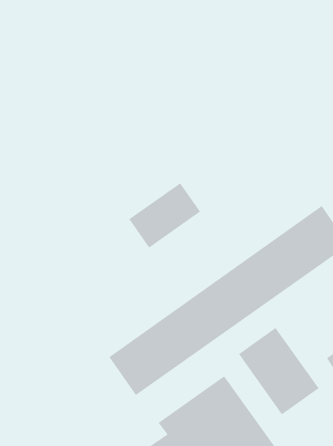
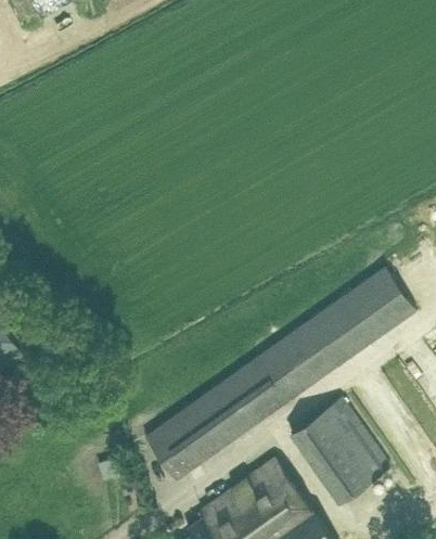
building: [129,182,201,248] -> none

